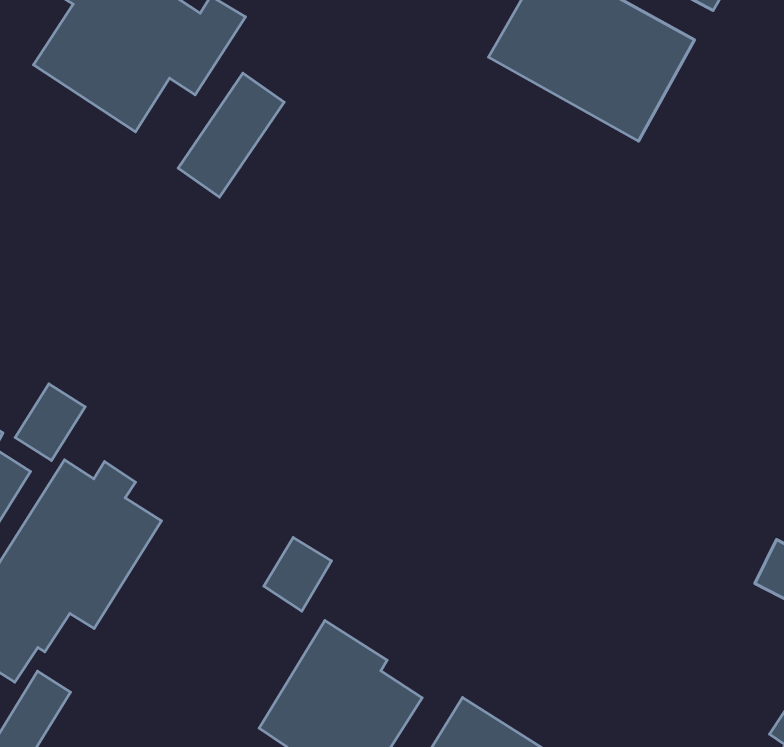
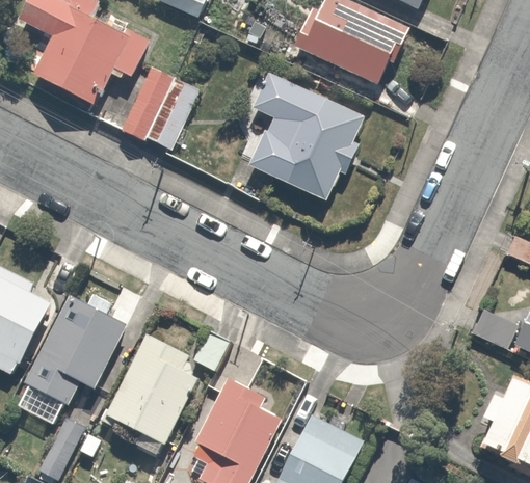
building: none -> [247,73,363,199]
building: none -> [106,333,189,442]

